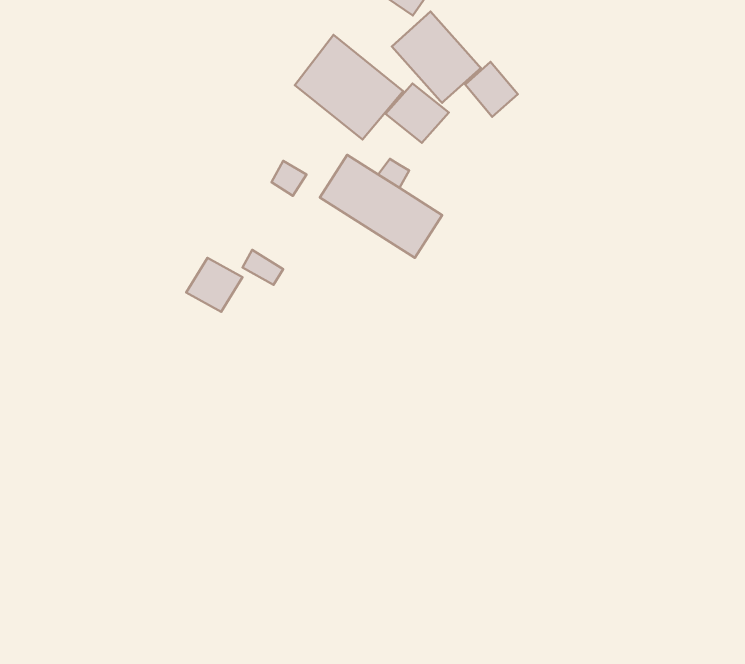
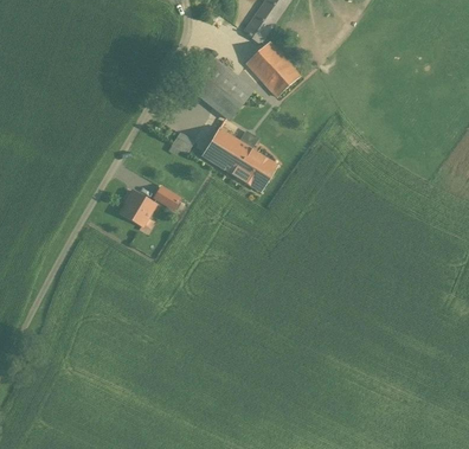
building: [465,62,518,117] -> none
building: [386,83,449,143] -> none

